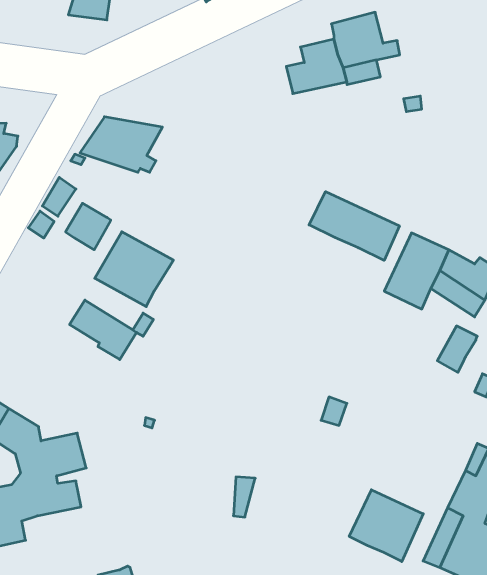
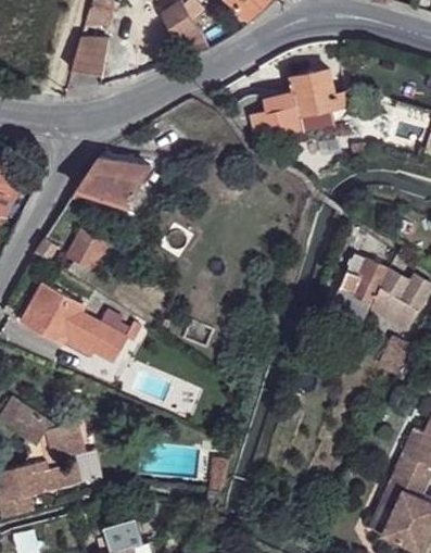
building: [309,192,399,260] -> none
building: [95,232,173,307] -> [21,281,87,344]
building: [349,490,423,562] -> none

